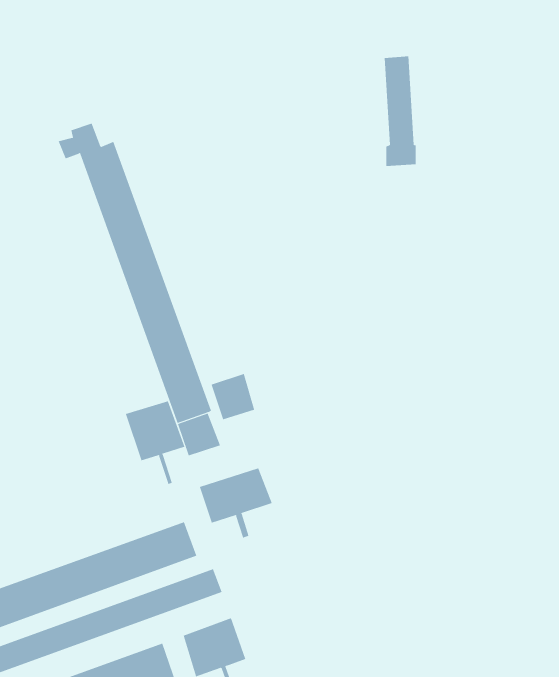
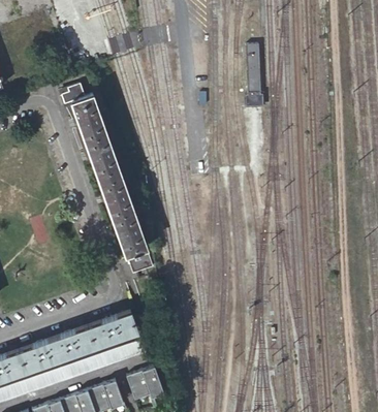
building: [211,373,255,420] -> none
building: [125,401,185,485] -> none
building: [199,468,273,539] -> none

